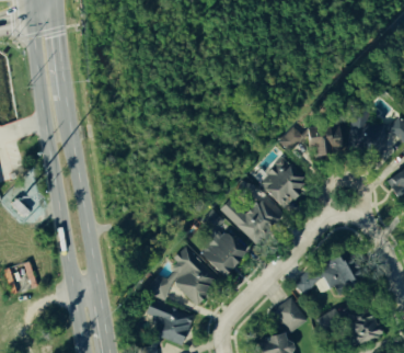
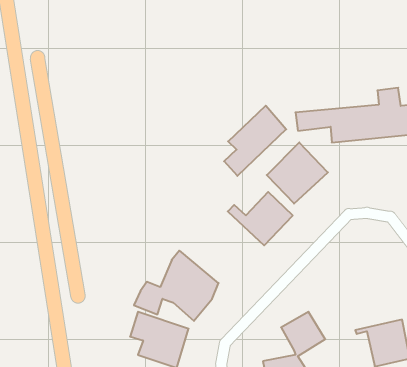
building: none -> [224,106,286,176]
building: [203,231,249,277] -> none
building: [293,252,357,297] -> none

